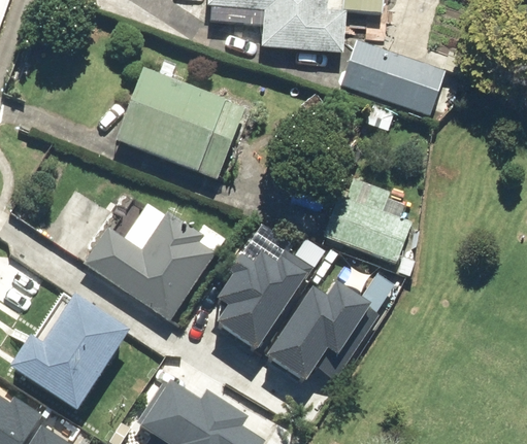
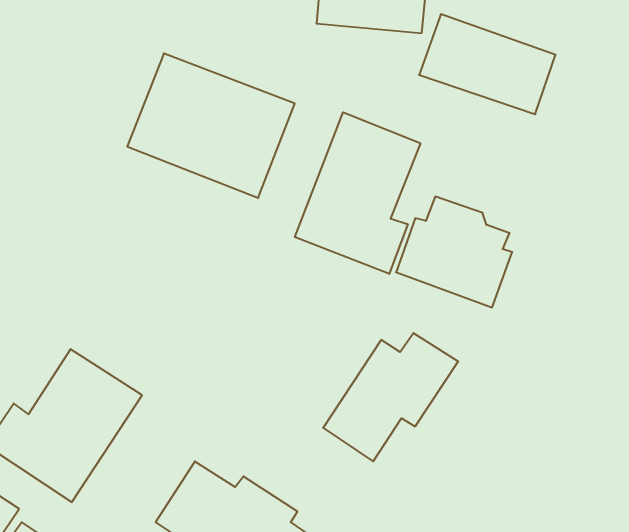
building: none -> [295,112,420,274]
building: [83,208,215,318] -> none
building: [216,251,308,348] -> none

